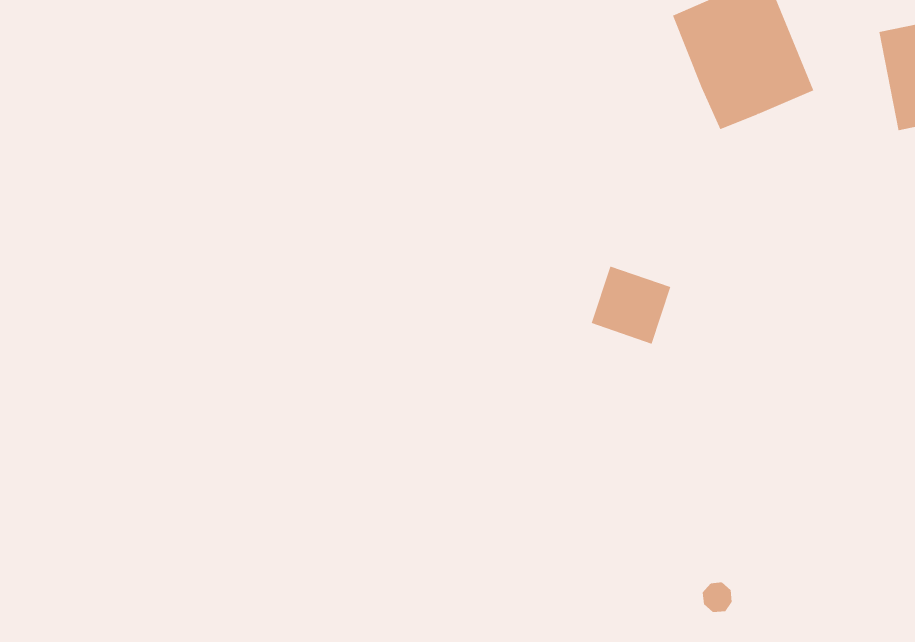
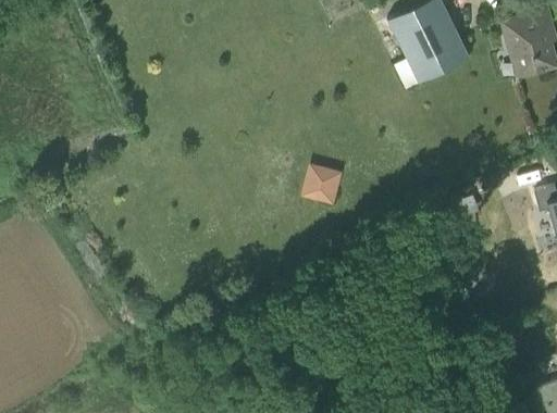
building: [591,266,671,345] -> [300,162,344,204]

